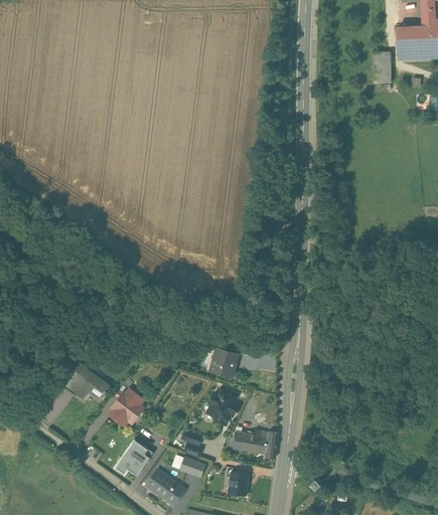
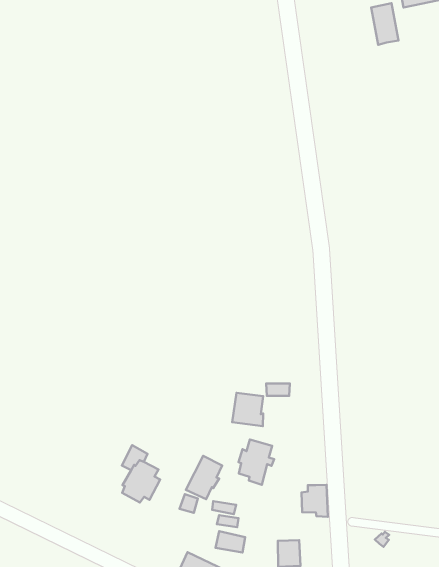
building: [59,360,110,400] -> none
building: [232,433,256,453] -> none
building: [118,435,150,470] -> [186,456,222,499]

